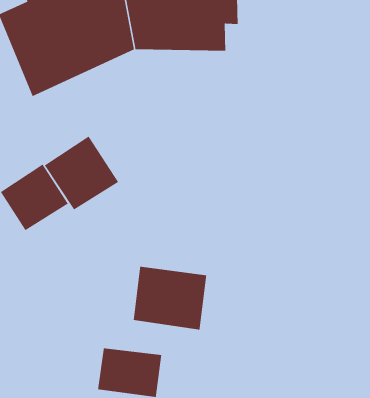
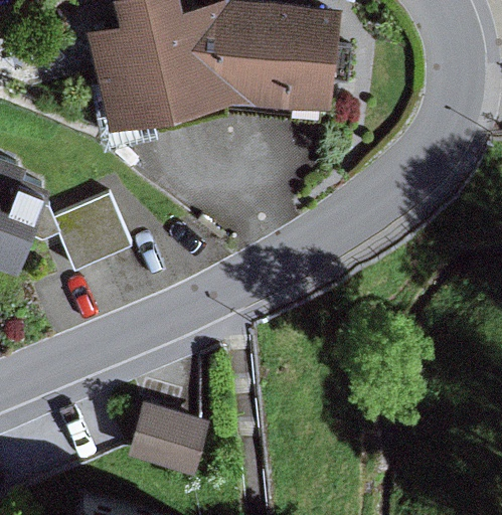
building: [44,136,119,210] -> none
building: [133,266,207,330] -> none

